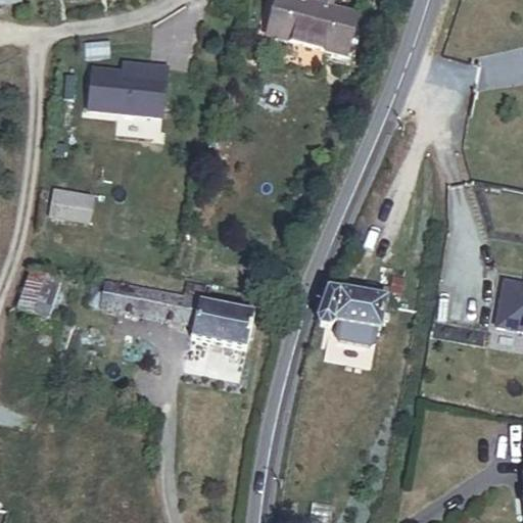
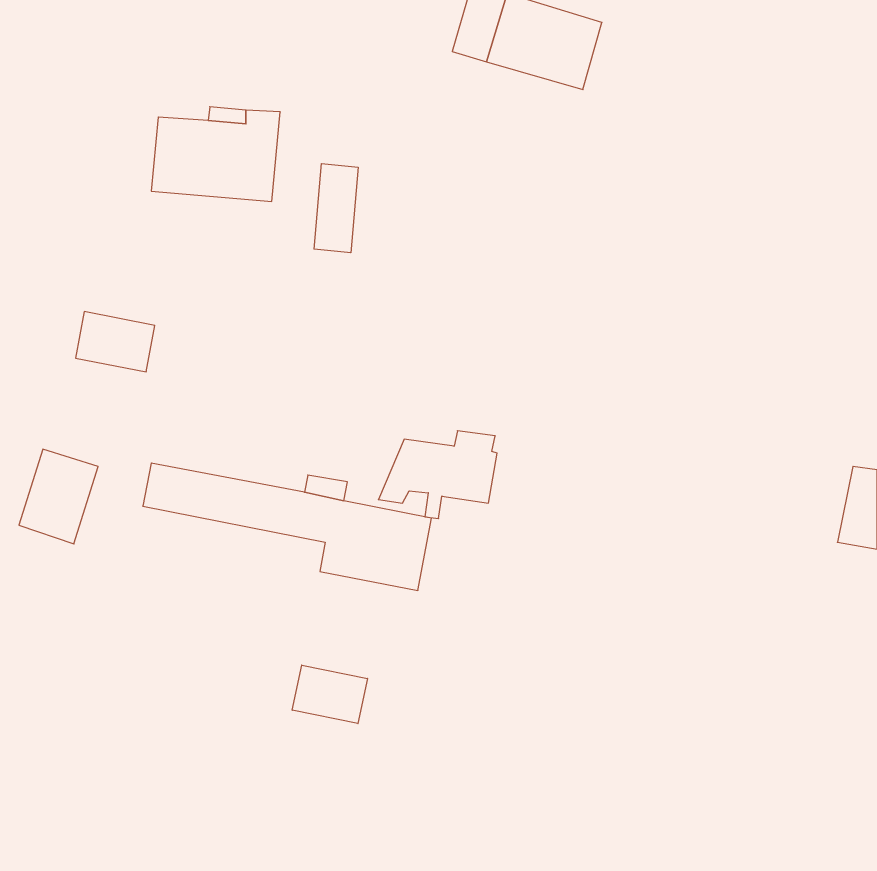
building: none -> [314,164,358,253]
building: [318,281,388,333] -> [378,431,497,519]
building: none -> [292,665,367,724]

